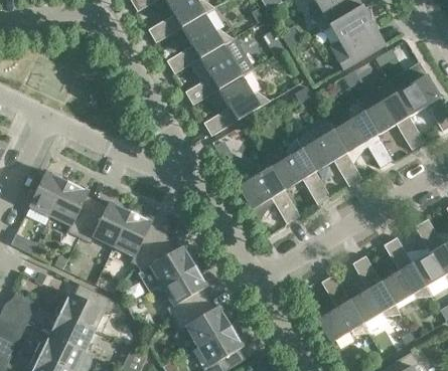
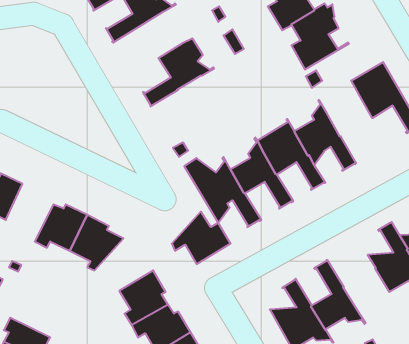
building: [167,13,237,74] -> none
building: [204,75,273,137] -> none
building: [364,80,425,150] -> none
building: [51,181,98,237] -> none
building: [138,234,195,286] -> [172,212,231,264]
building: [381,236,434,305] -> none
building: [55,284,117,331] -> none

